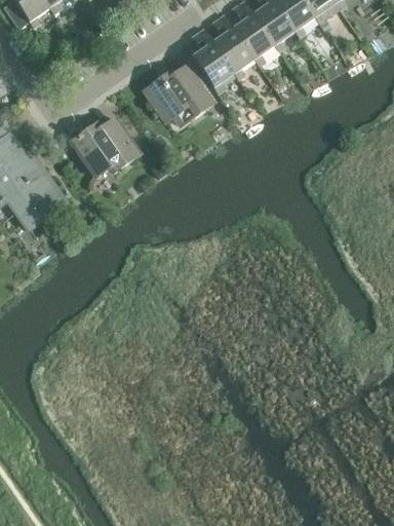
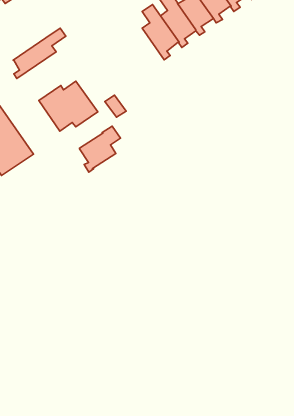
building: none -> [13,28,66,79]
building: [144,64,212,120] -> none
building: none -> [79,126,121,172]

